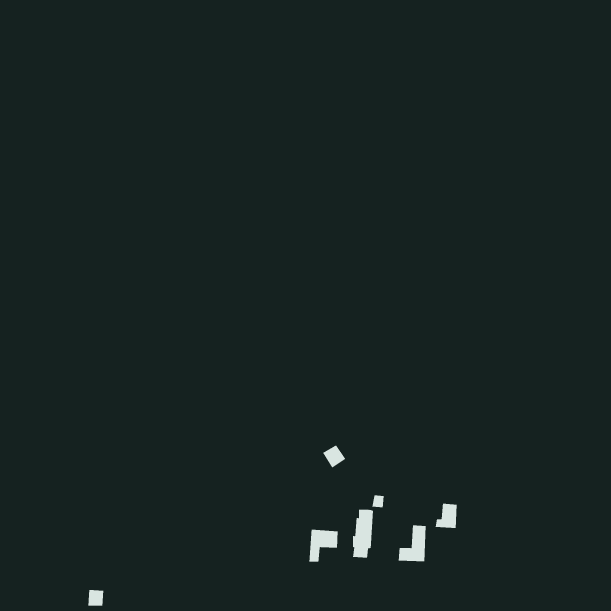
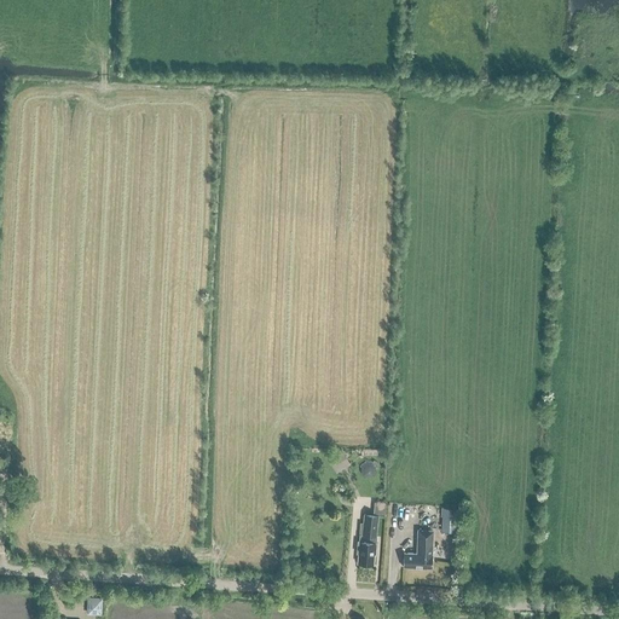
building: [309,529,338,563] -> none

